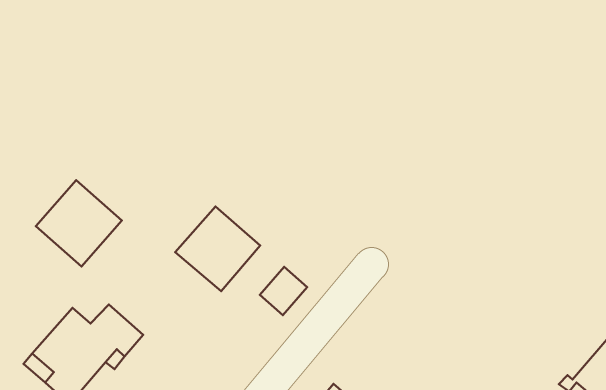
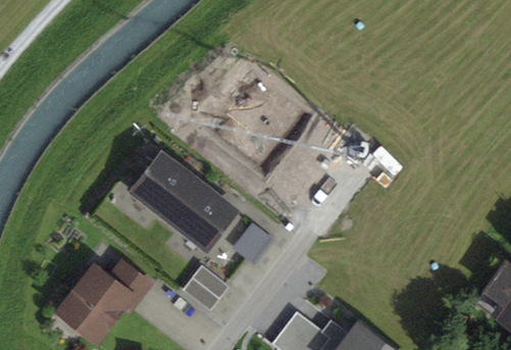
building: [36,180,122,266] -> [133,154,198,219]
building: none -> [183,266,225,308]

